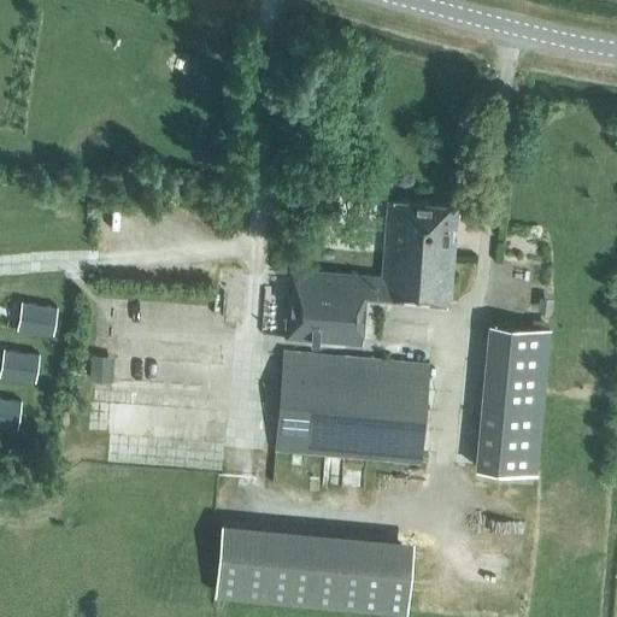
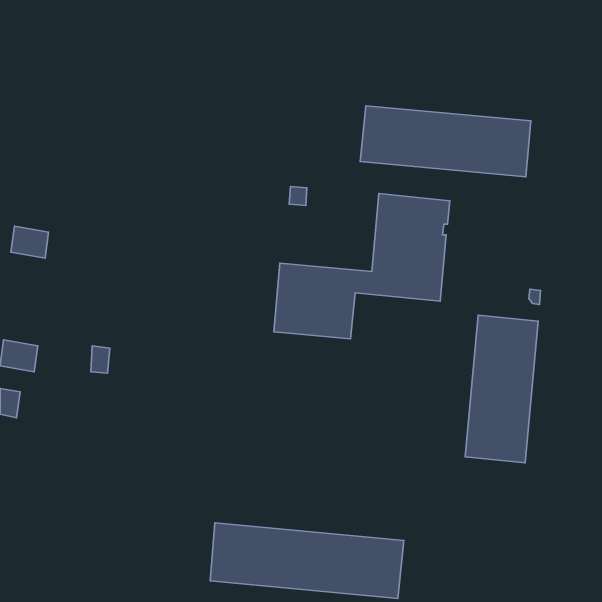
building: none -> [360,106,531,177]
building: [19,301,58,334] -> [11,226,49,258]
building: [272,354,428,465] -> none

